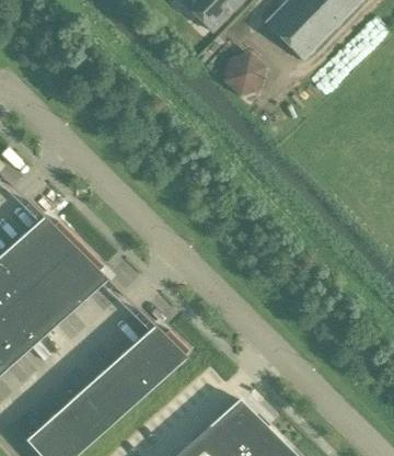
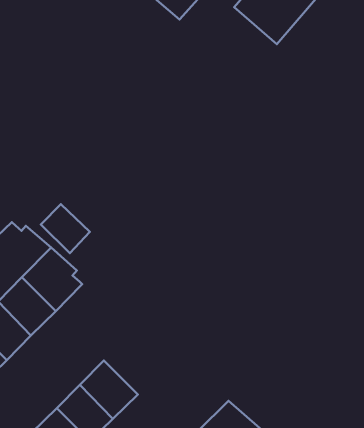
building: [221,48,269,96] -> none
building: none -> [41,204,90,253]
building: [123,326,187,387] -> none

